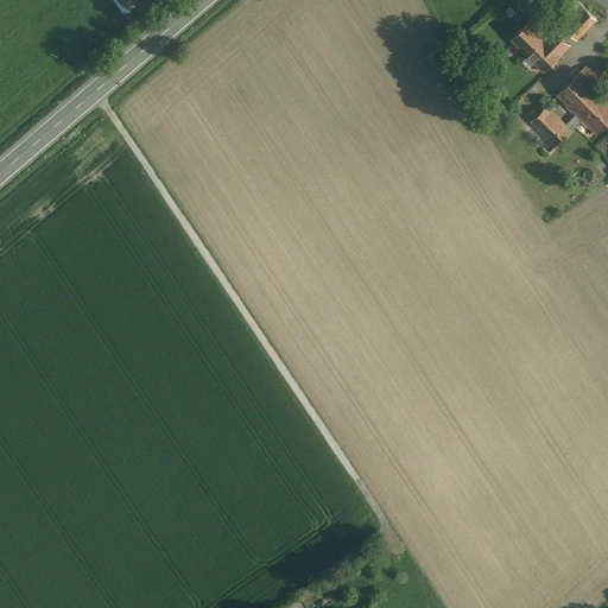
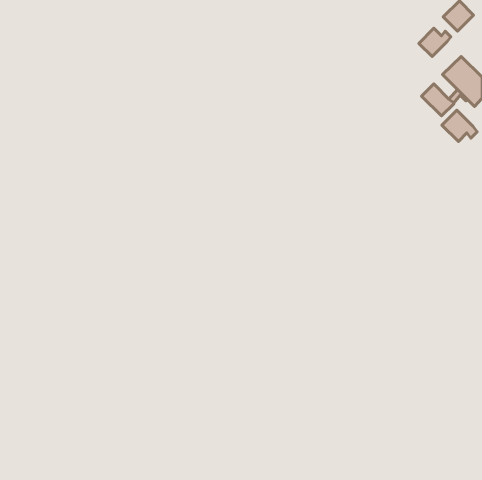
building: [511,21,546,57] -> none
building: none -> [442,110,477,141]

